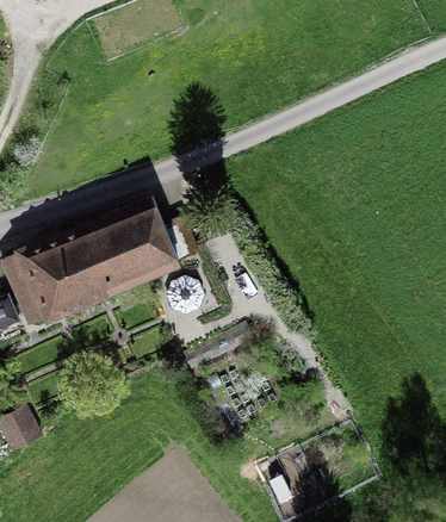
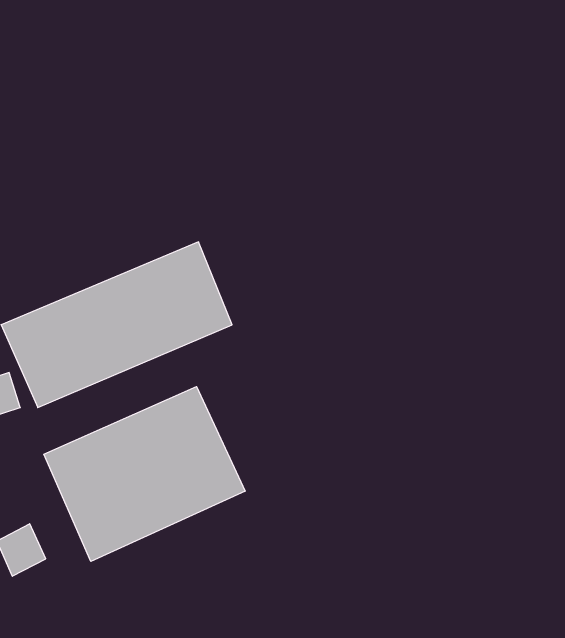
building: none -> [44,387,245,561]

